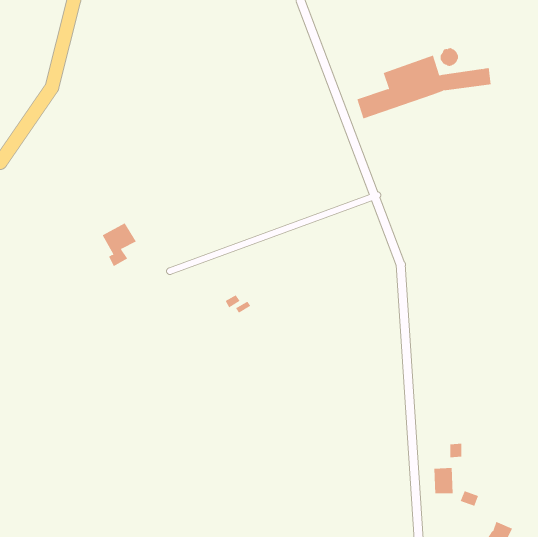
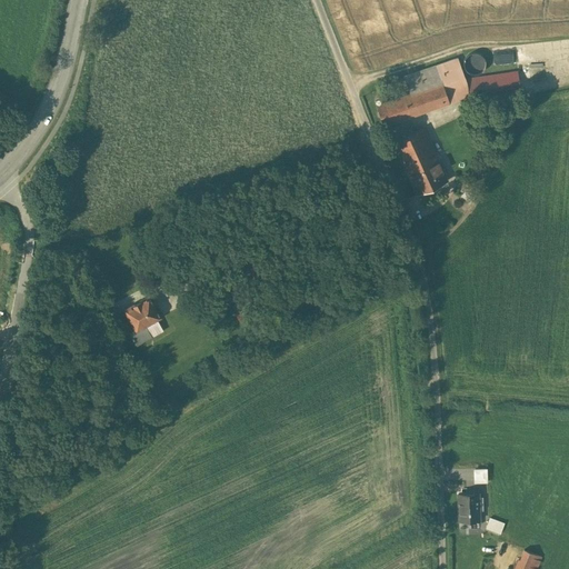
building: none -> [395,131,448,197]
building: [102,223,137,267] -> [124,298,161,345]

